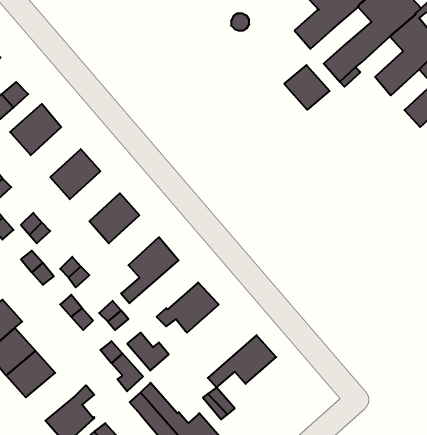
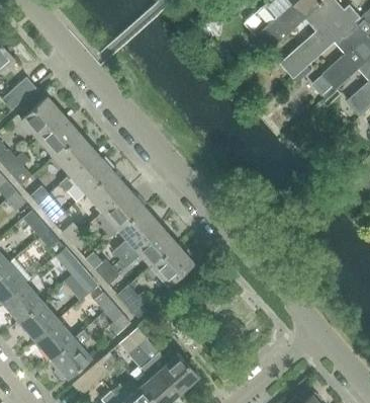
building: [284,65,330,110] -> none
building: none -> [38,116,80,158]
building: none -> [60,153,112,194]
building: none -> [94,189,145,238]
building: [208,335,276,388] -> [120,227,177,270]
building: none -> [34,320,75,359]

